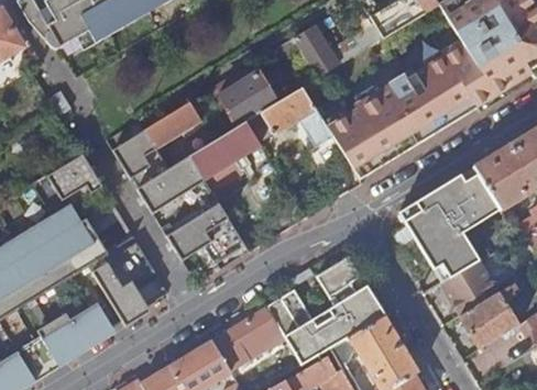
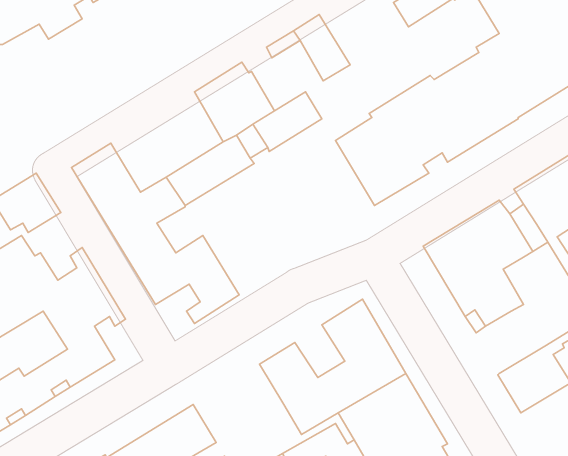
building: [144,101,200,148] -> none
building: [443,265,498,315] -> none
building: [211,308,285,371] -> none

